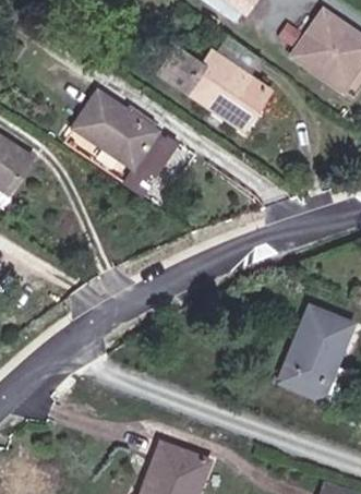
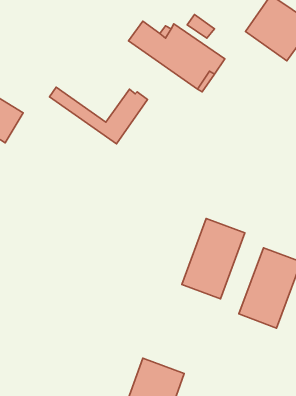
building: [71,87,156,164] -> none
building: none -> [182,219,245,299]

